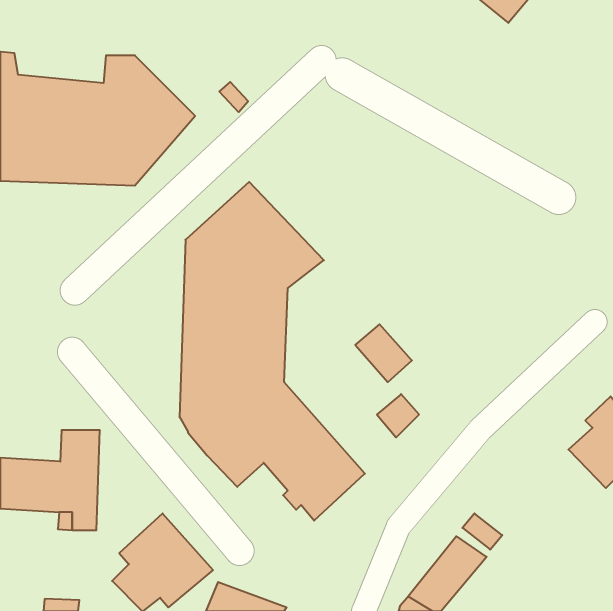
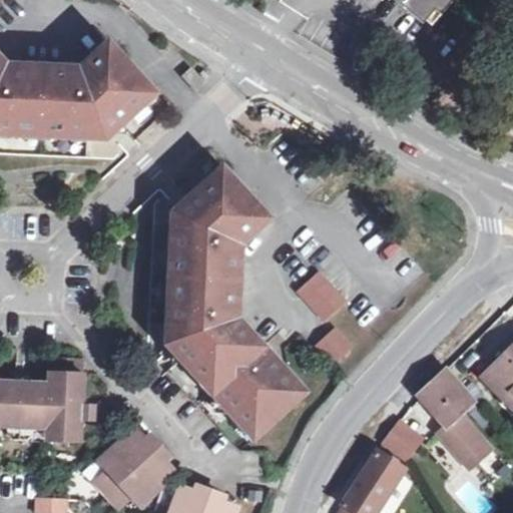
building: none -> [421,366,487,460]

